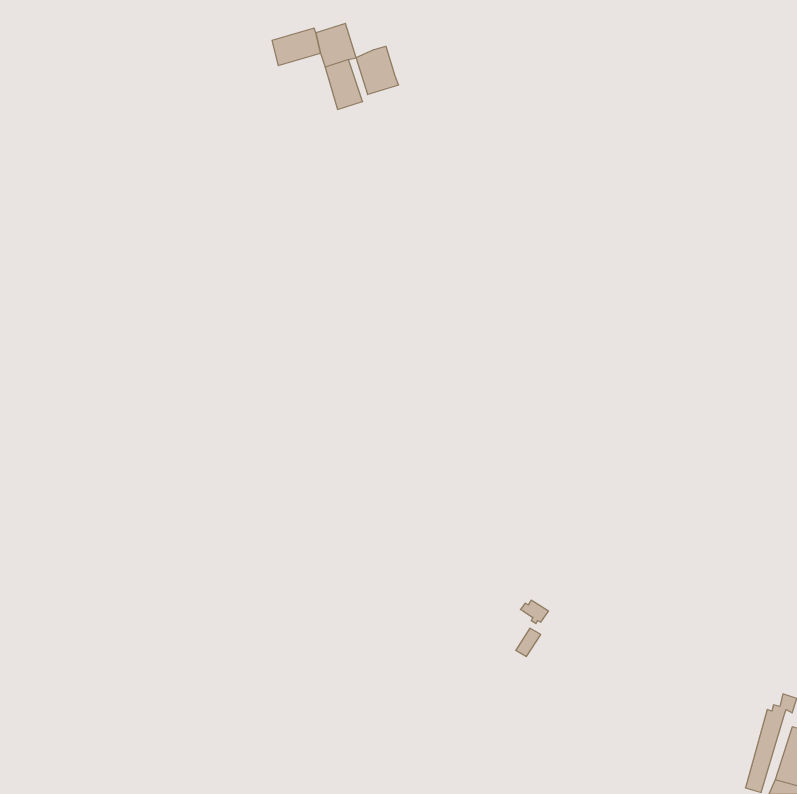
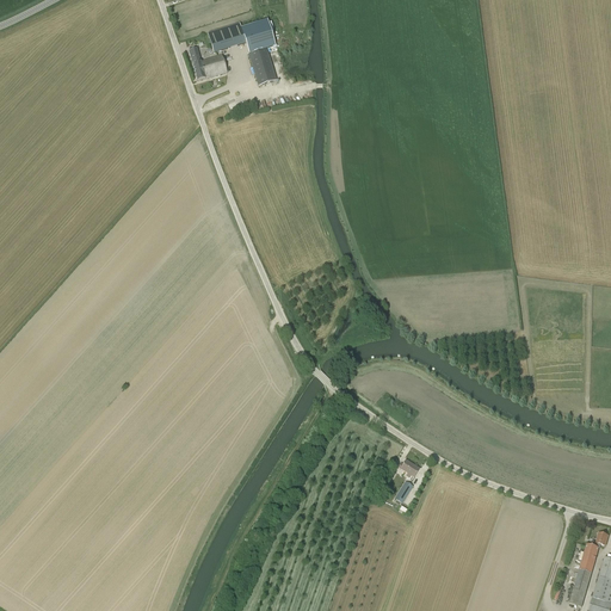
building: [356,46,399,95] -> none
building: none -> [190,47,228,79]

